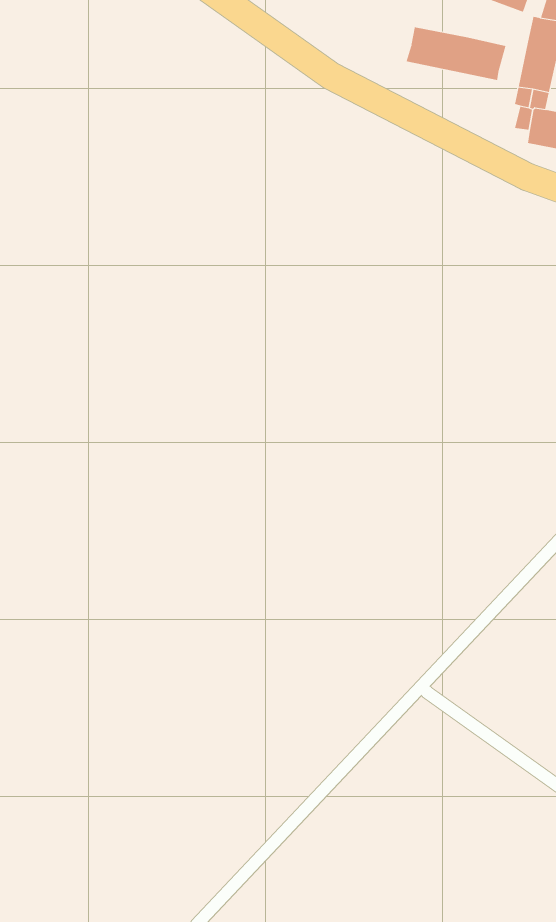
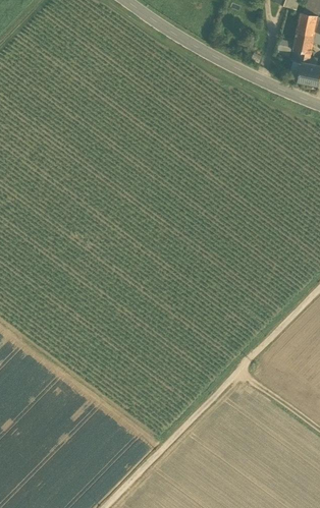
building: [406,27,506,81] -> none

